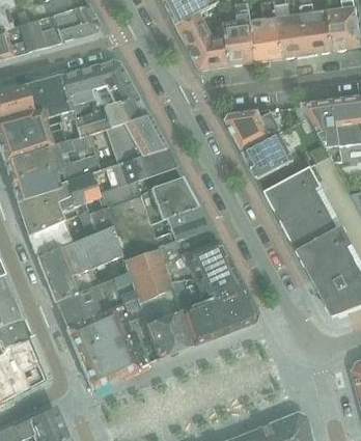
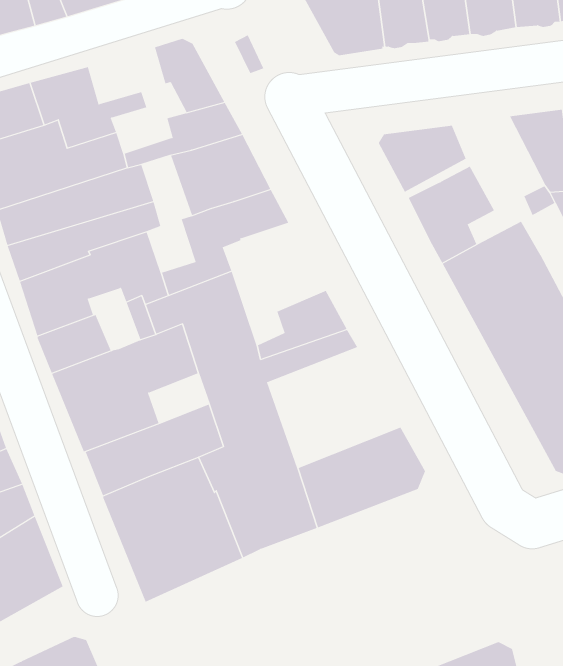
building: [57,64,102,98] -> none
building: [150,176,196,220] -> none
building: [162,240,240,310] -> none

